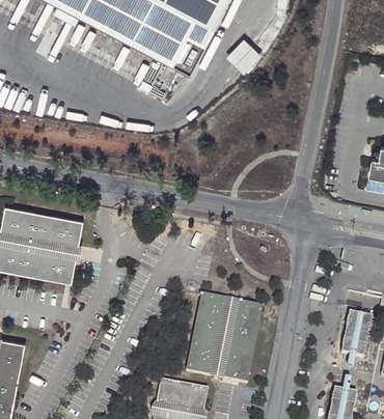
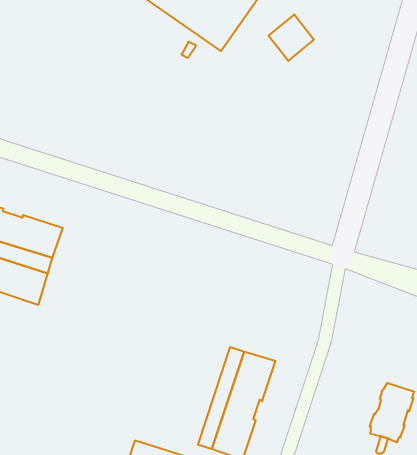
building: [184,291,225,374] -> none

